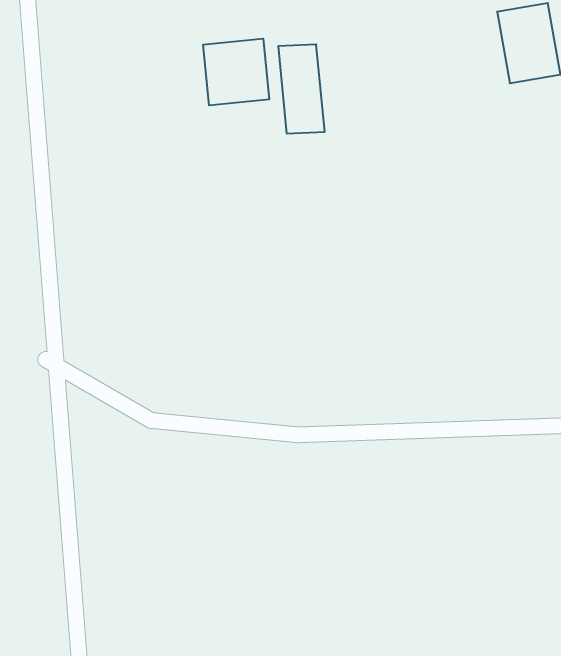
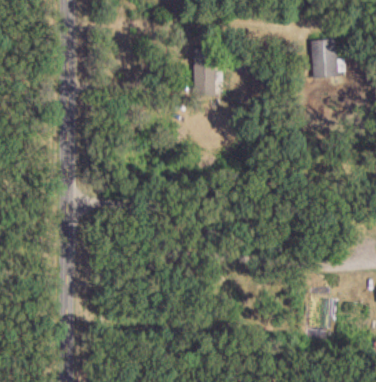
building: [203,39,269,105] -> none

